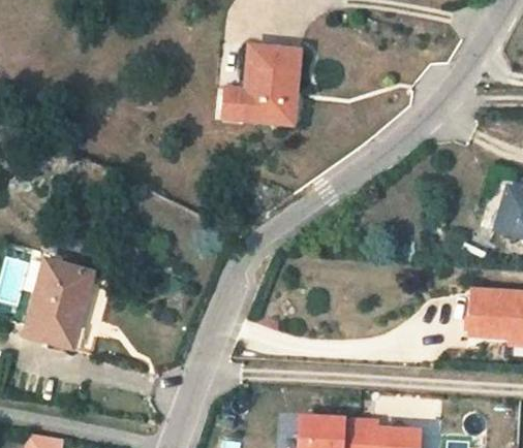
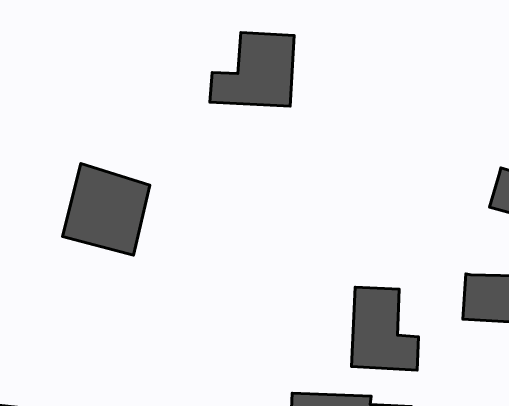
building: [18,260,105,352] -> [62,164,150,255]
building: none -> [352,287,419,370]

